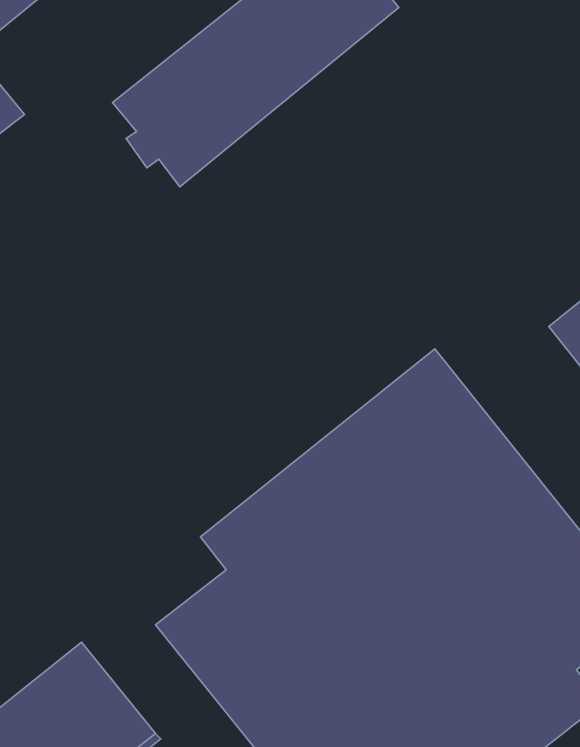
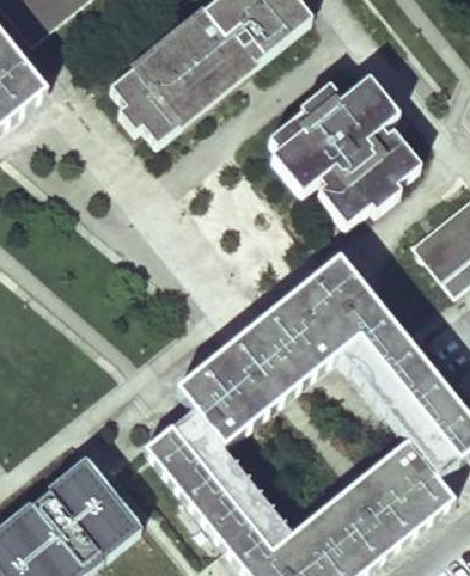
building: none -> [274,75,423,221]

